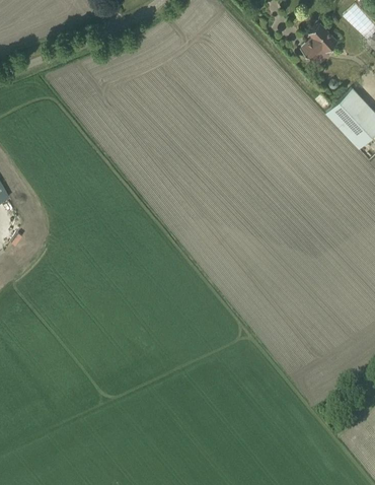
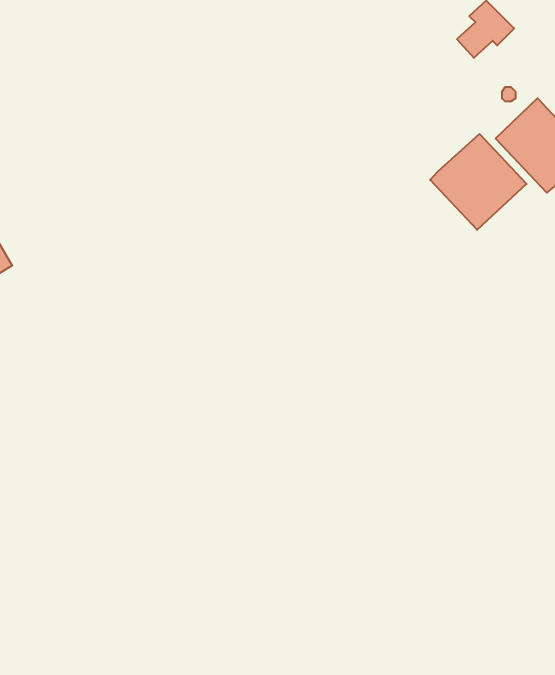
building: none -> [430,134,527,230]

